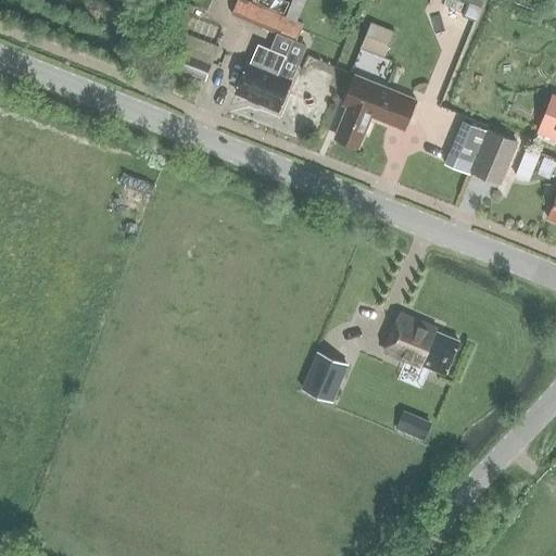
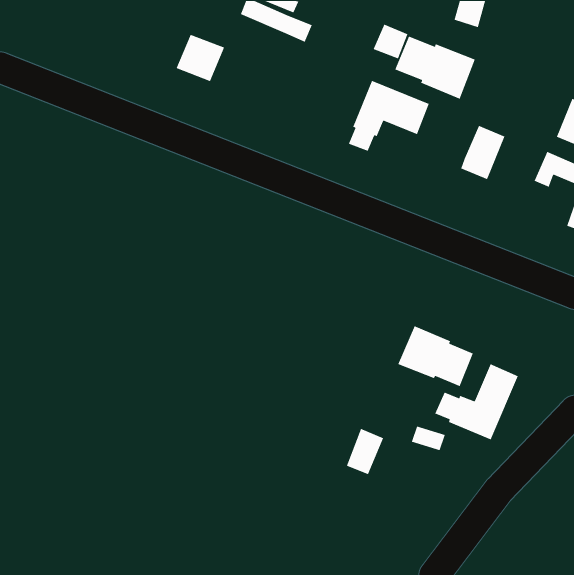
building: none -> [394,36,476,100]
building: [237,43,291,110] -> none
building: [472,131,517,182] -> none
building: none -> [434,363,519,441]
building: [303,352,340,397] -> [346,428,384,475]

